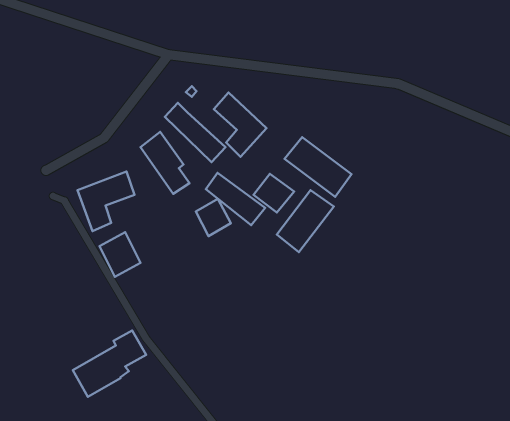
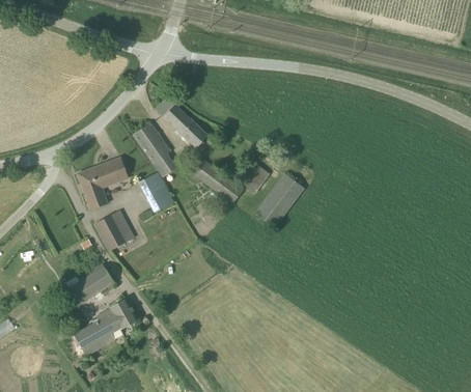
building: [214,93,267,157] -> none
building: [284,137,351,197] -> none
building: [196,199,231,236] -> [138,171,169,204]
building: none -> [68,265,114,304]

